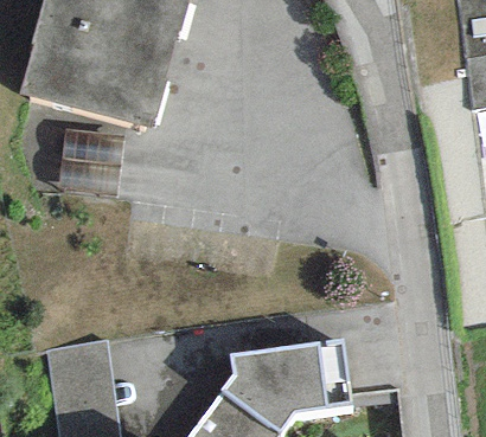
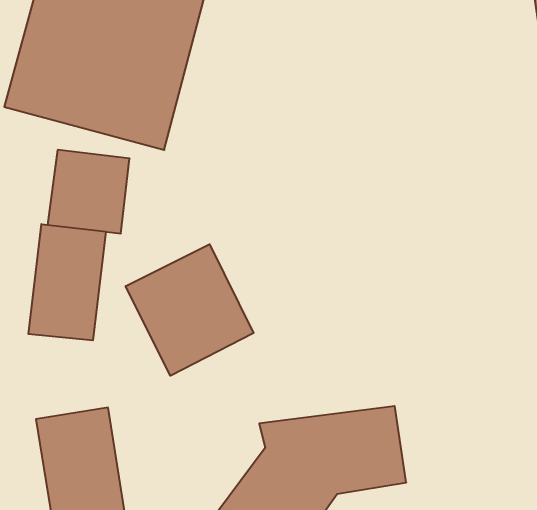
building: none -> [28,224,106,340]
building: none -> [126,244,254,376]

